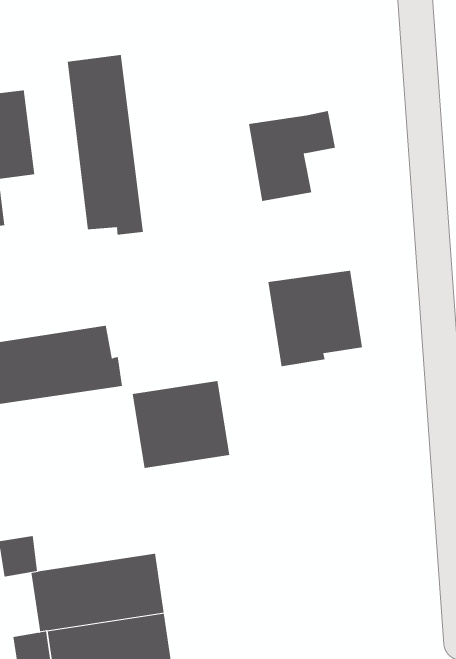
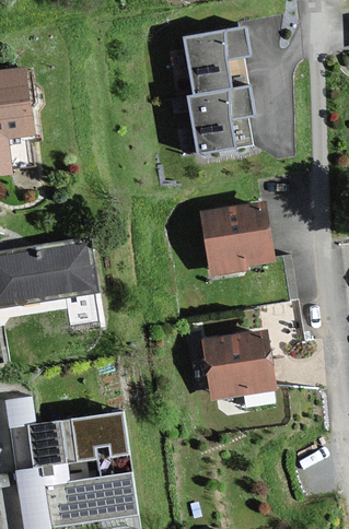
building: none -> [185,27,248,95]
building: [67,54,143,236] -> none
building: [132,380,230,468] -> [202,332,275,397]

